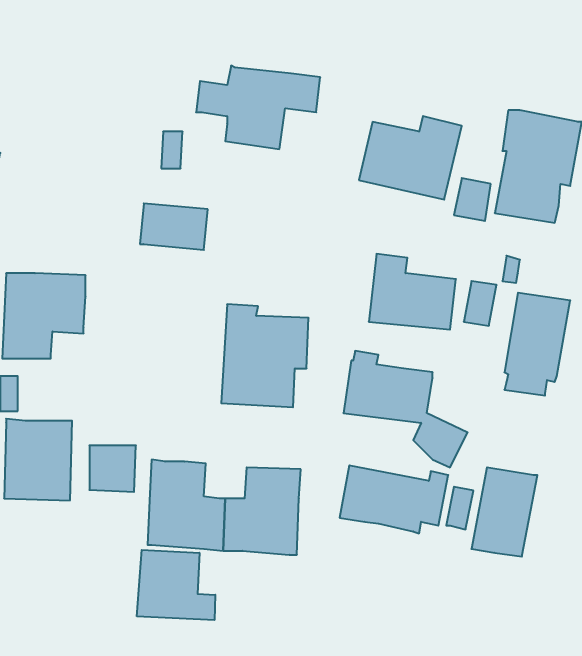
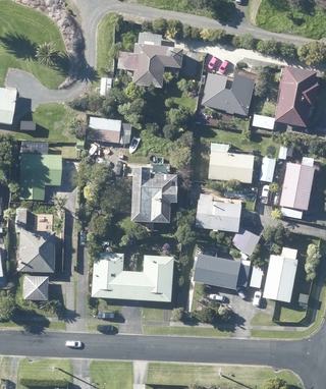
building: [89,445,136,492] -> [22,275,47,299]
building: [137,550,215,620] -> none

